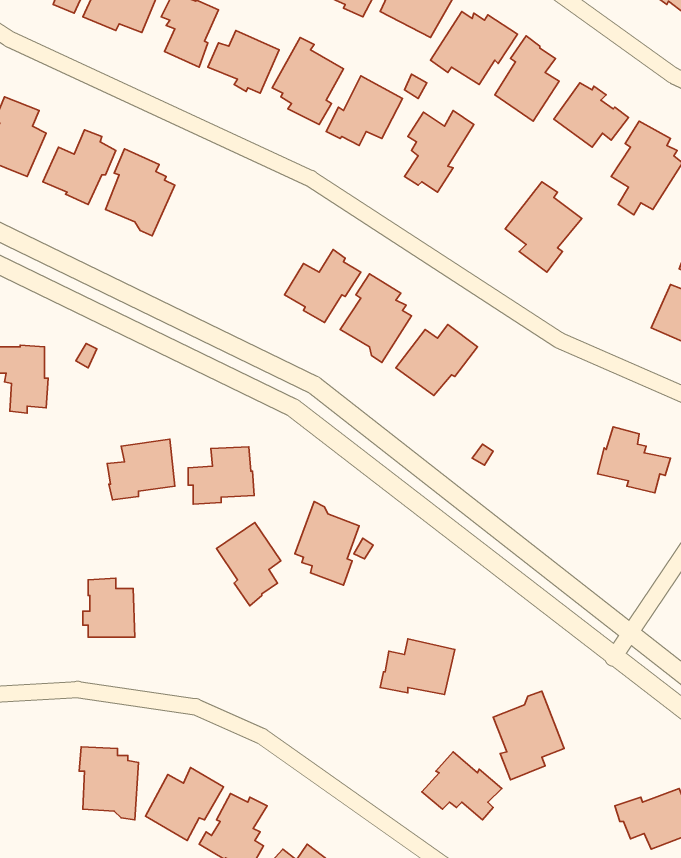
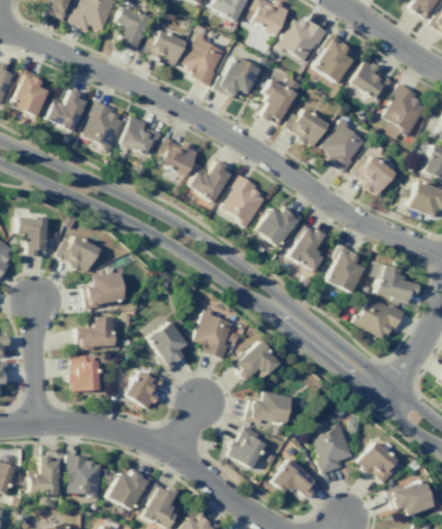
building: none -> [285,107,328,146]
building: none -> [119,115,162,154]
building: none -> [159,136,197,175]
building: none -> [352,155,396,193]
building: none -> [288,223,325,270]
building: none -> [57,235,99,272]
building: none -> [326,244,364,292]
building: [188,447,254,504] -> [75,315,115,349]
building: none -> [354,297,406,338]
building: none -> [232,340,280,380]
building: none -> [125,370,165,408]
building: none -> [227,426,265,469]
building: none -> [358,440,397,484]
building: none -> [30,455,62,494]

